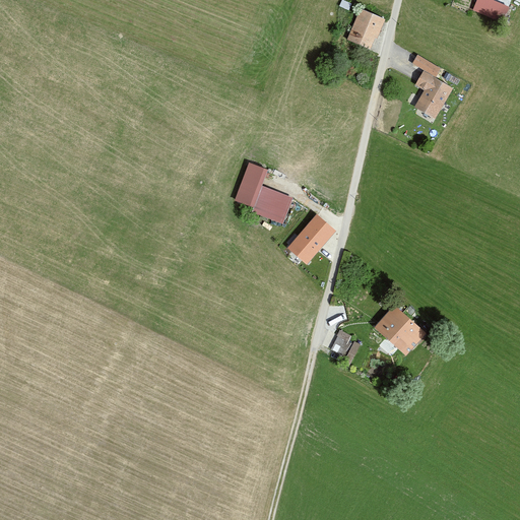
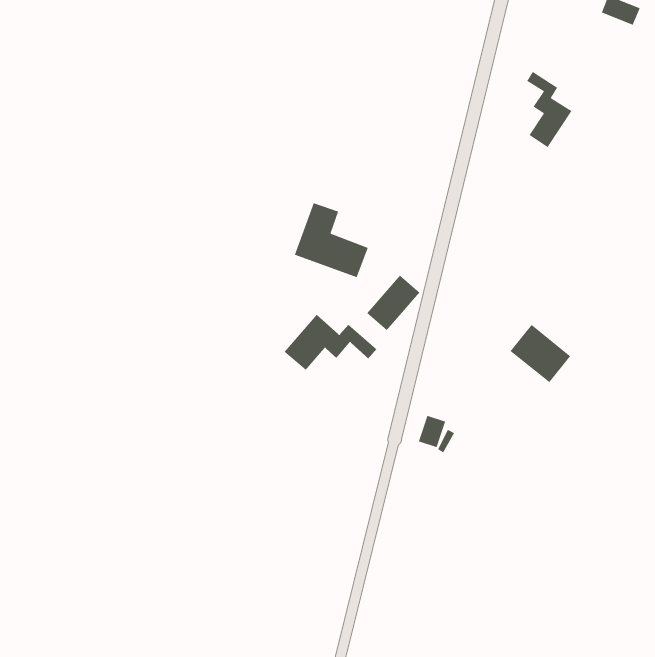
building: [346,9,383,50] -> none
building: none -> [284,314,378,371]
building: [375,307,424,353] -> [509,324,571,383]

